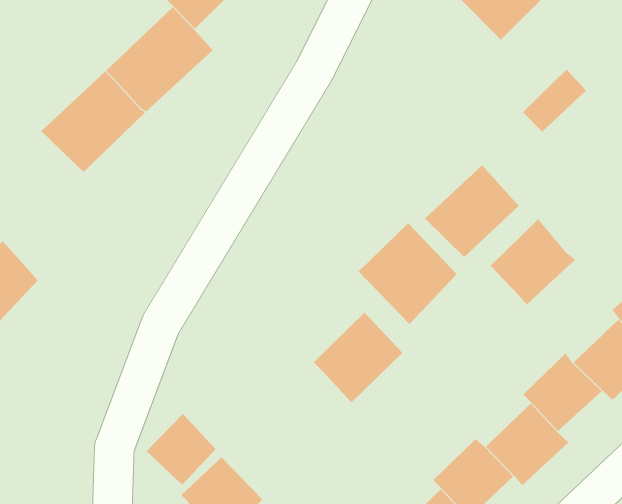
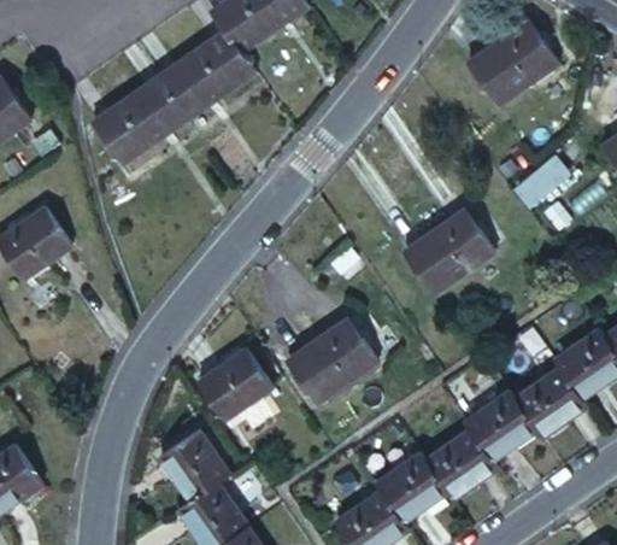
building: [490,219,576,305] -> none
building: [358,223,457,325] -> none
building: [146,413,216,486] -> [205,354,266,417]

